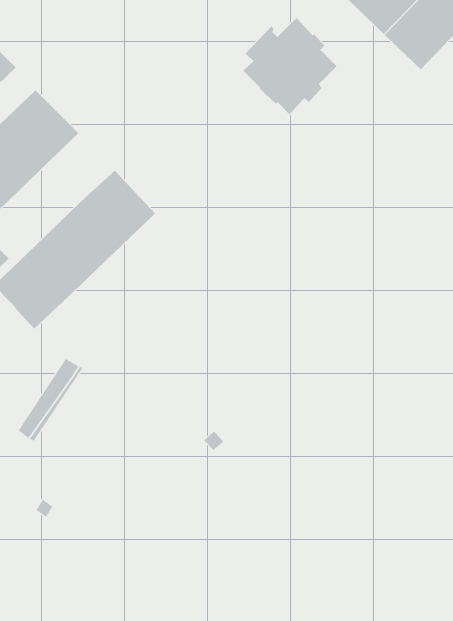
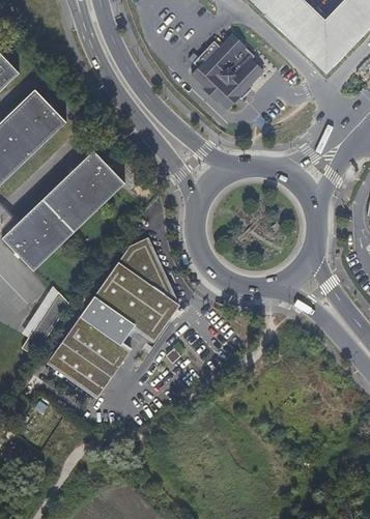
building: none -> [45,236,176,394]

